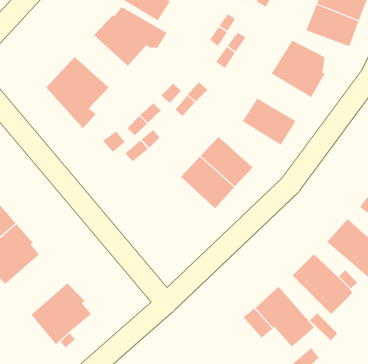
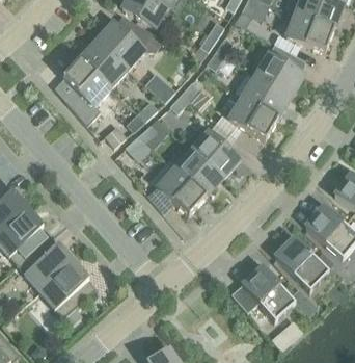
building: none -> [79,41,127,87]
building: none -> [242,75,291,118]
building: none -> [149,161,204,215]
building: none -> [17,237,73,291]

